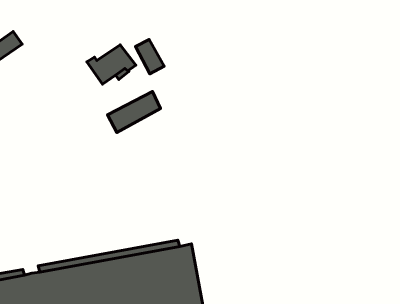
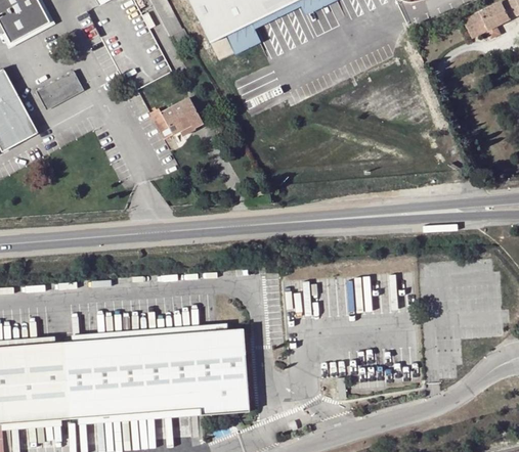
building: [135,40,164,74] -> none
building: [107,91,161,132] -> none

